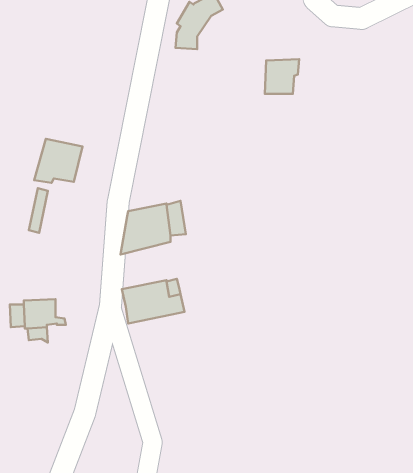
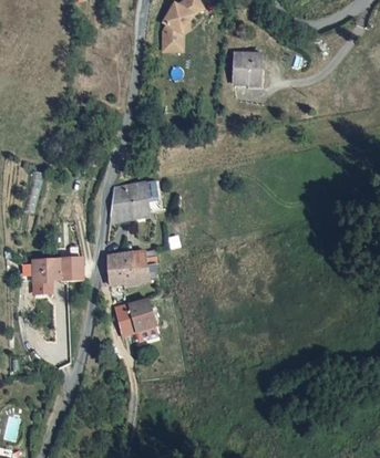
building: [34,139,83,183] -> none
building: none -> [51,258,83,285]
building: none -> [117,294,161,333]

